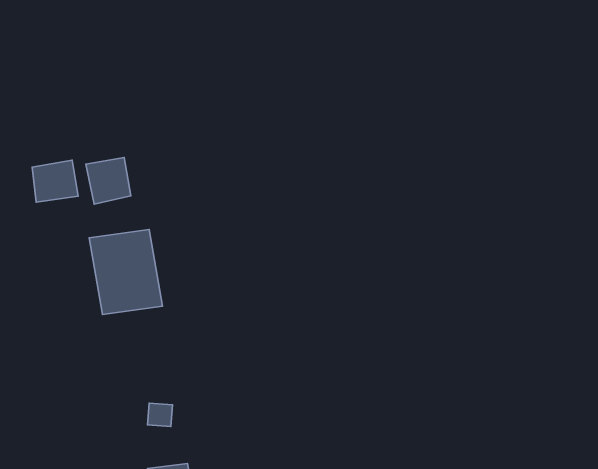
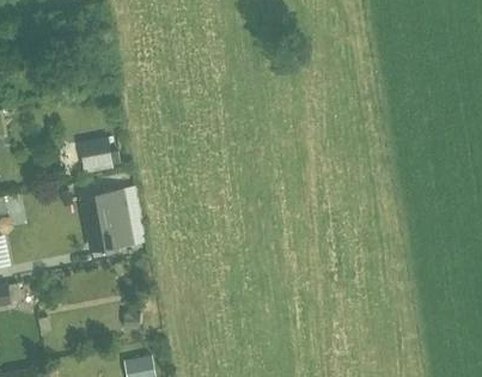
building: [32,160,78,202] -> none

